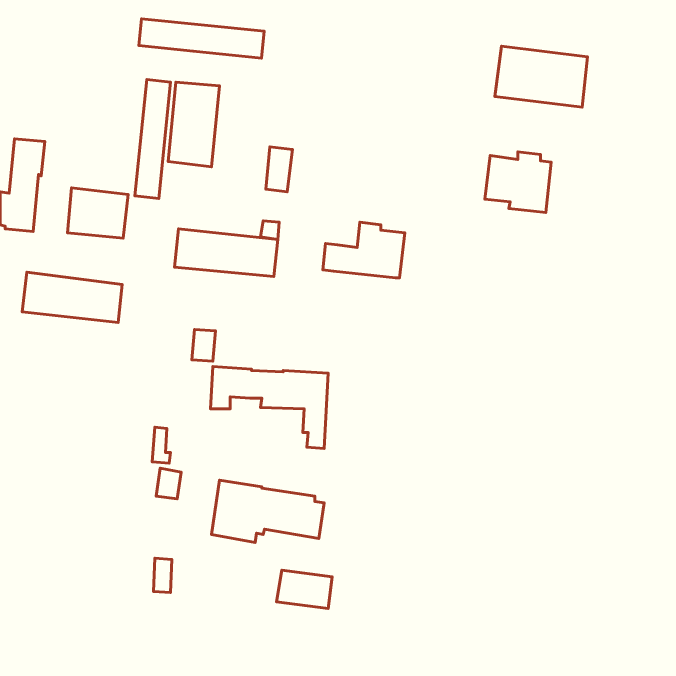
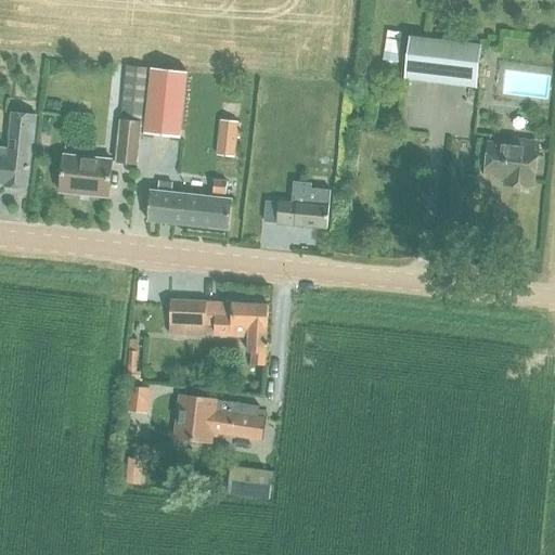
building: [139,19,264,58] -> none
building: [485,152,551,213] -> [485,139,539,189]
building: [22,272,122,323] -> none

